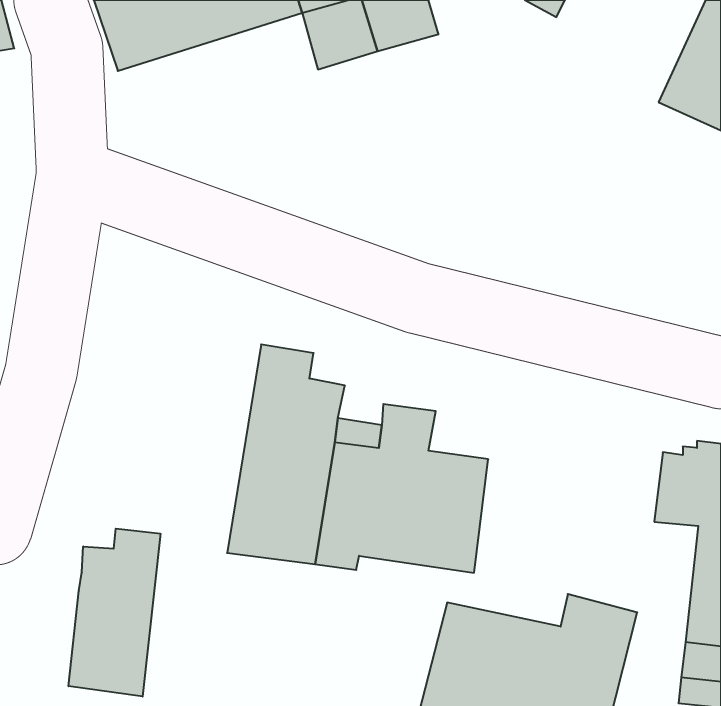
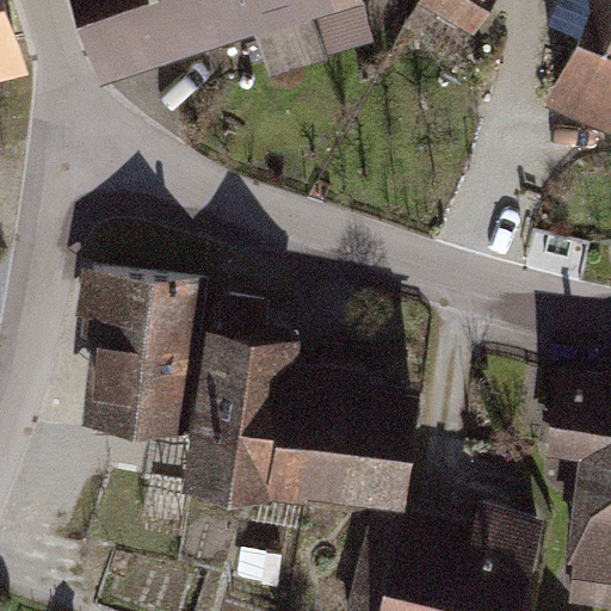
building: none -> [85,278,202,446]
building: [69,529,160,697] -> none

